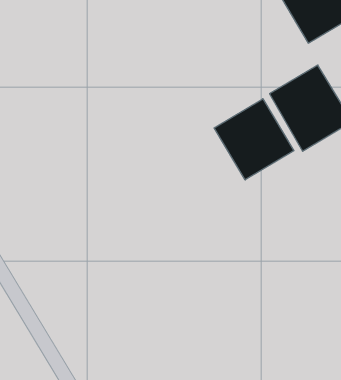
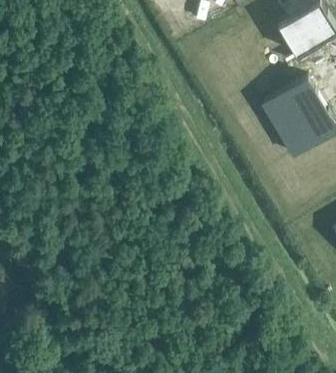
building: [214,99,294,180] -> none

